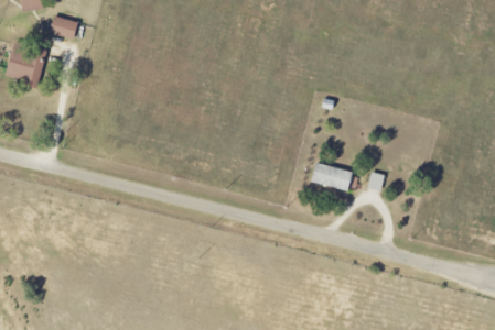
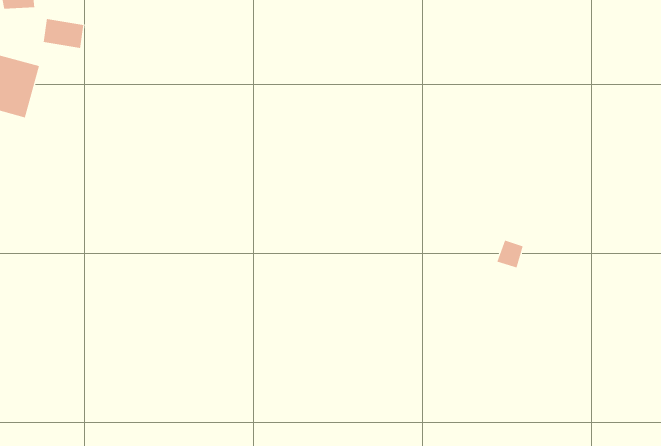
building: [309,162,353,191] -> none

